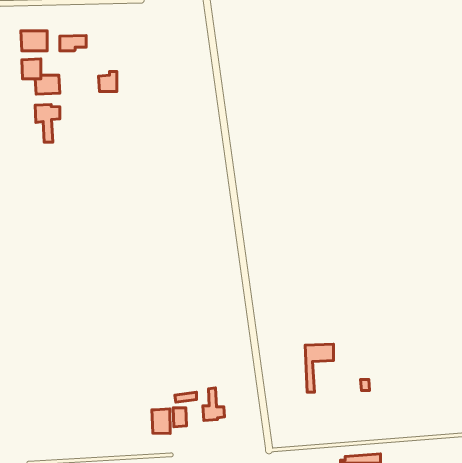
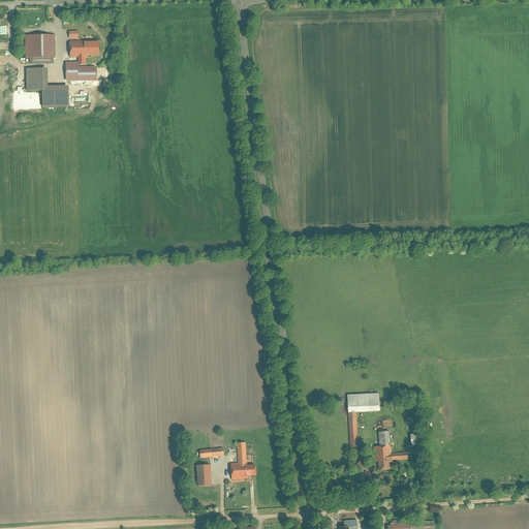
building: [99,72,117,92] -> [64,58,85,81]
building: [35,104,60,142] -> none
building: none -> [374,431,408,471]
building: [152,409,170,434] -> none

